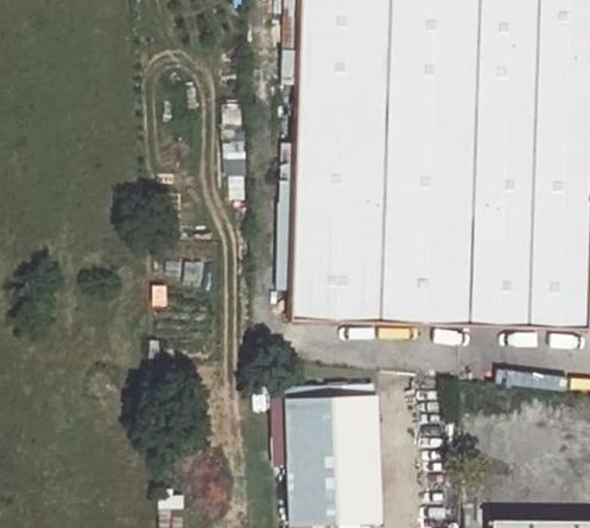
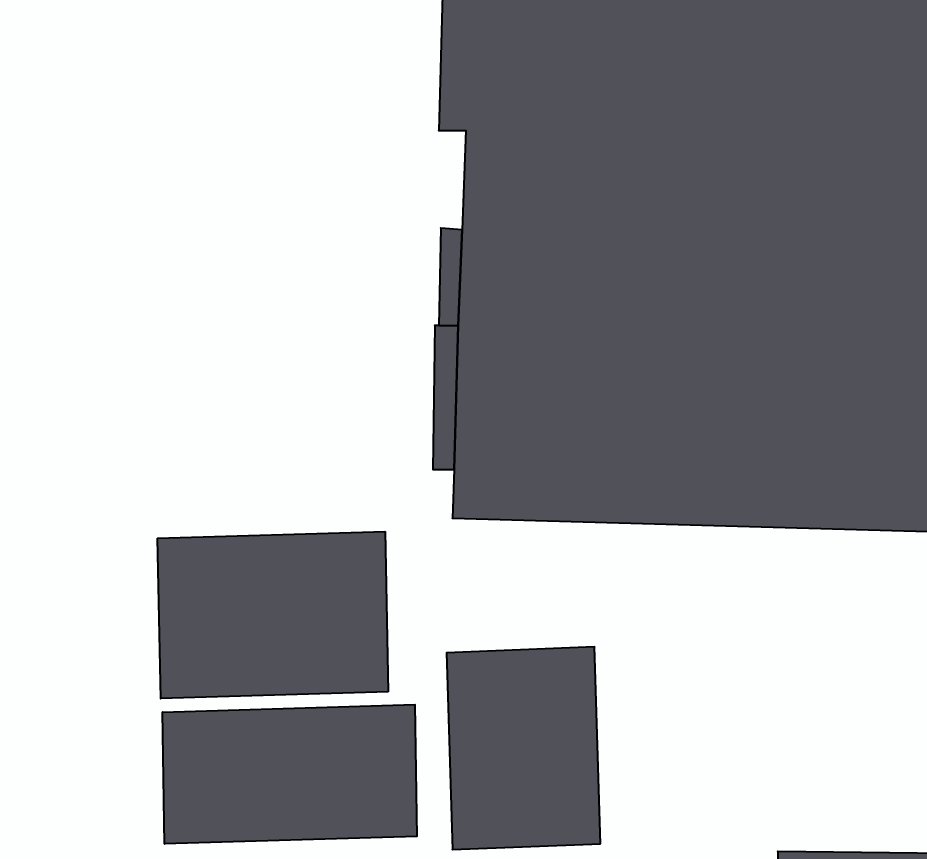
building: none -> [158,532,388,699]
building: none -> [163,705,417,844]

